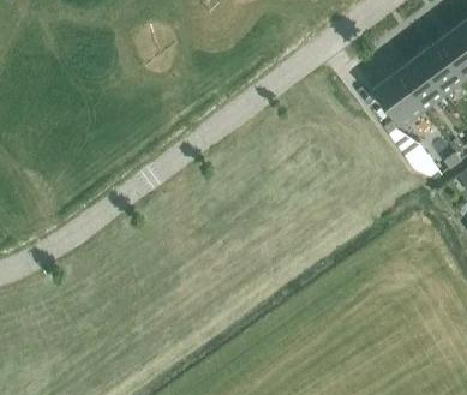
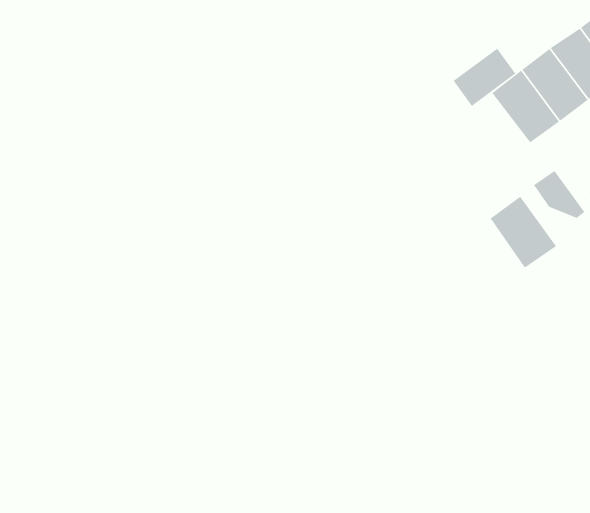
building: none -> [453,48,516,107]
building: none -> [490,196,557,269]

